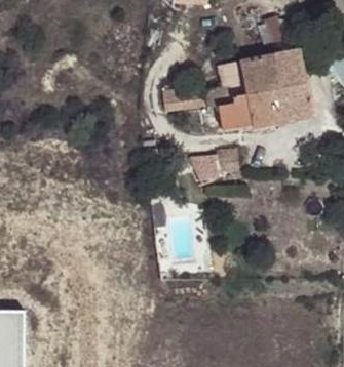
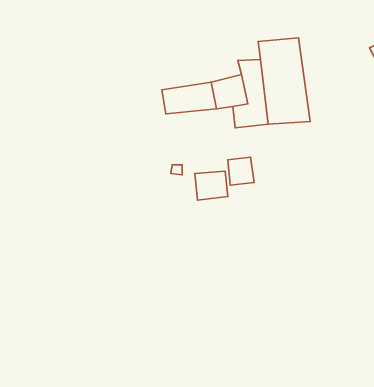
building: [272,53,312,123] -> none

